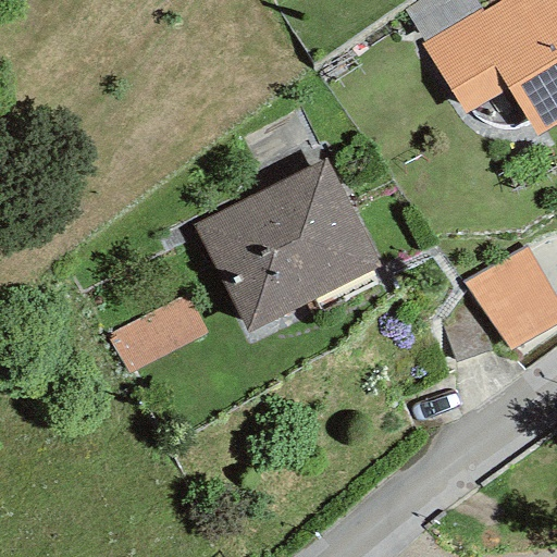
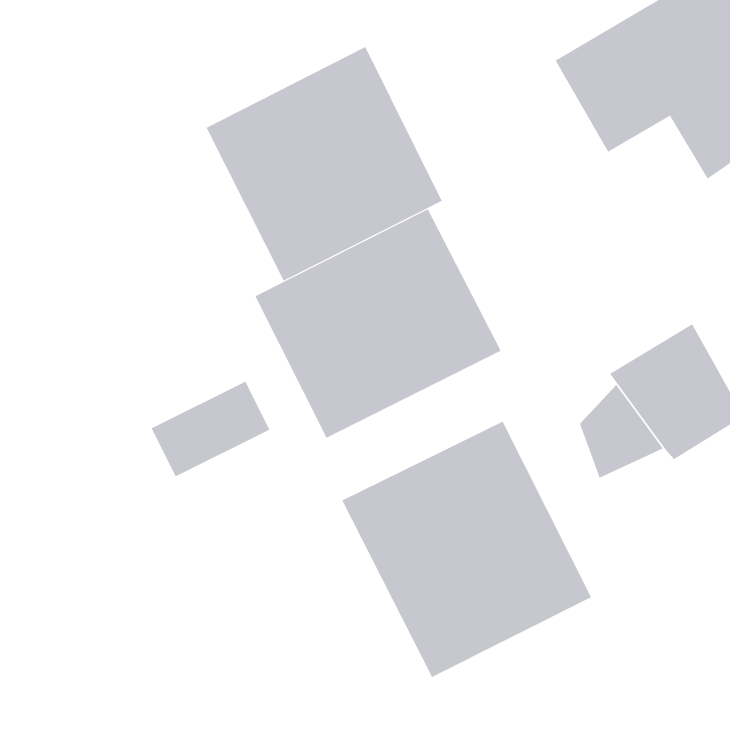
building: none -> [206,46,442,281]
building: none -> [342,421,592,678]

